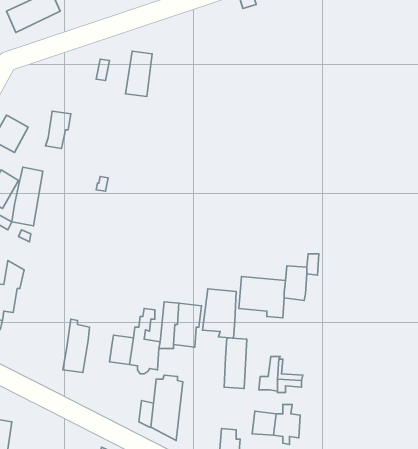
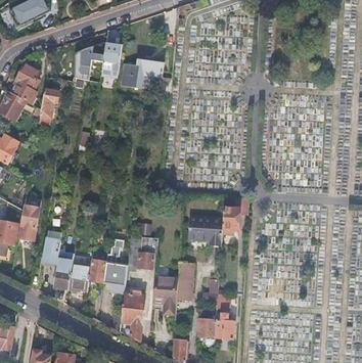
building: none -> [121,57,170,95]
building: none -> [11,63,40,103]
building: [12,167,43,226] -> [17,195,41,240]
building: [203,289,236,338] -> [151,275,177,313]
building: none -> [41,233,60,269]
building: none -> [67,264,90,289]

